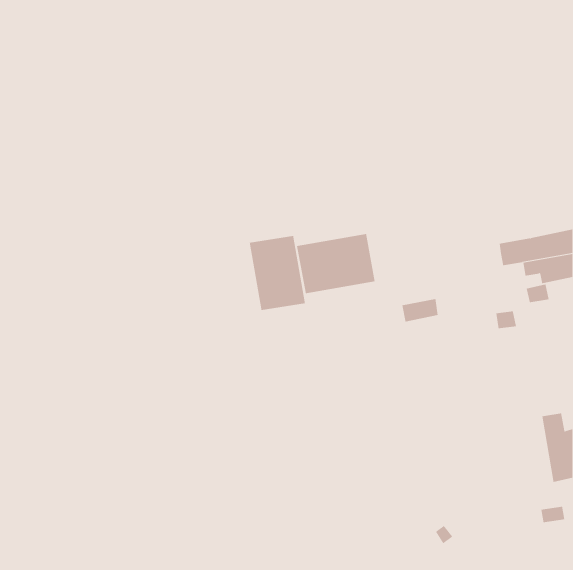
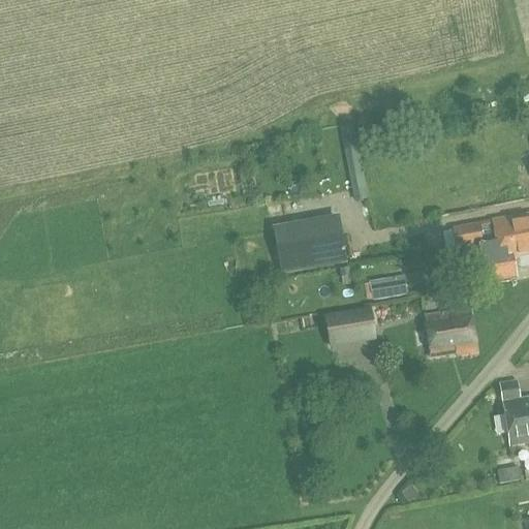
building: [249,235,306,311] -> none
building: none -> [426,307,476,356]
building: none -> [328,308,374,343]

